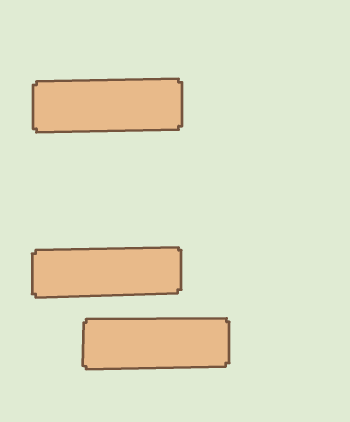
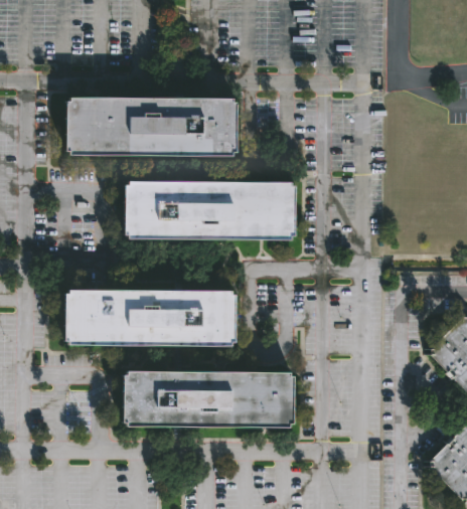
building: none -> [126,181,294,239]

